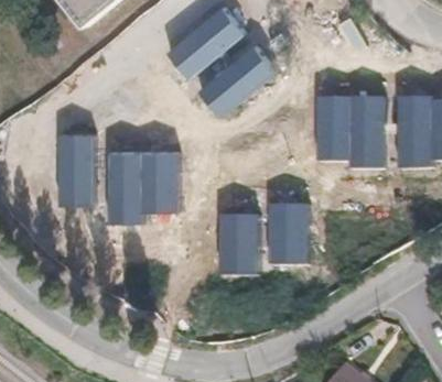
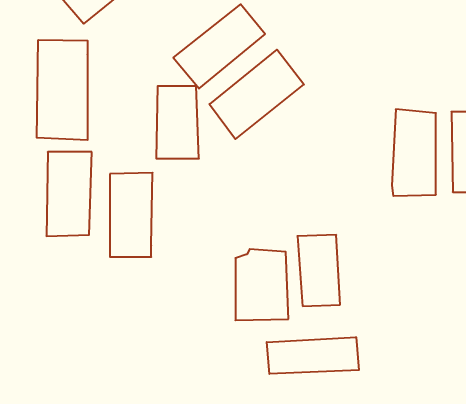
building: none -> [37,40,88,140]
building: [322,96,355,161] -> none
building: [147,150,183,211] -> [156,86,199,159]
building: none -> [267,337,359,374]

